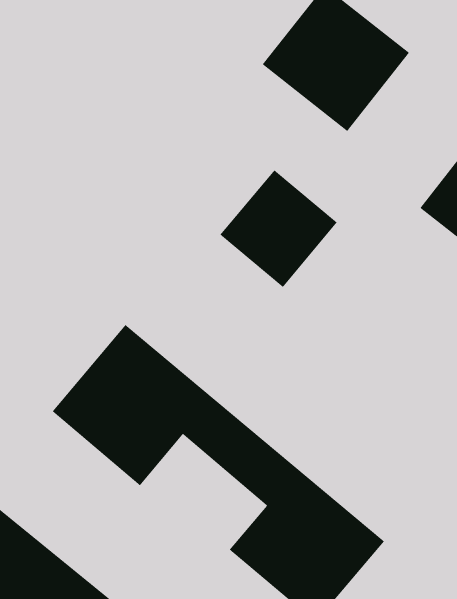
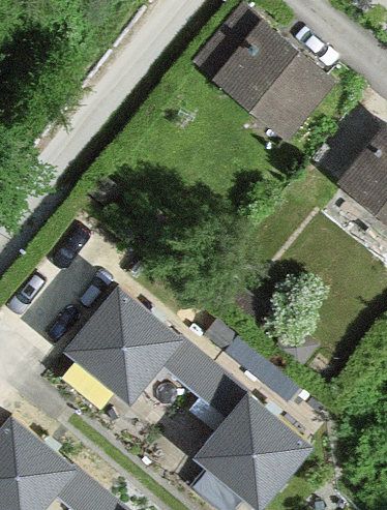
building: [220,169,338,288] -> none

